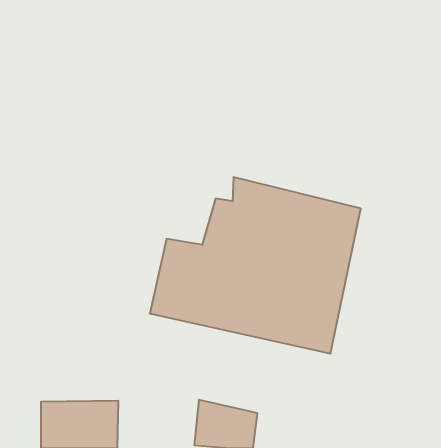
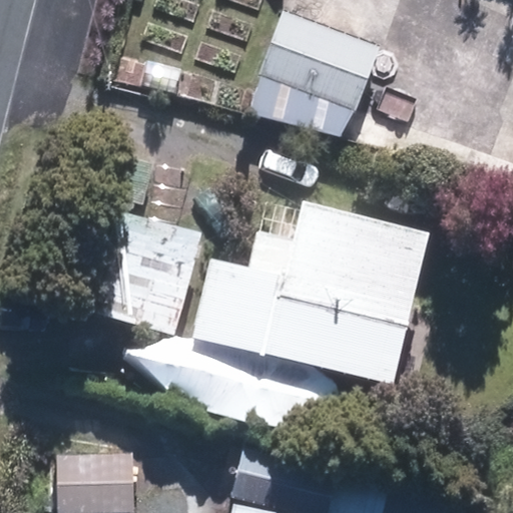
building: none -> [261,12,381,112]
building: none -> [91,205,205,341]

